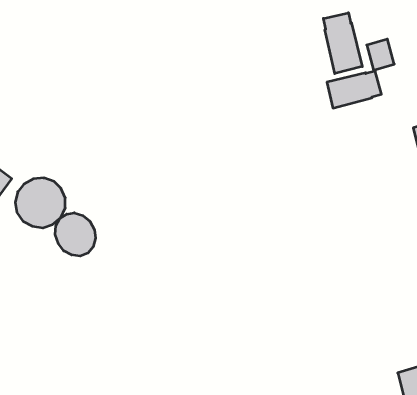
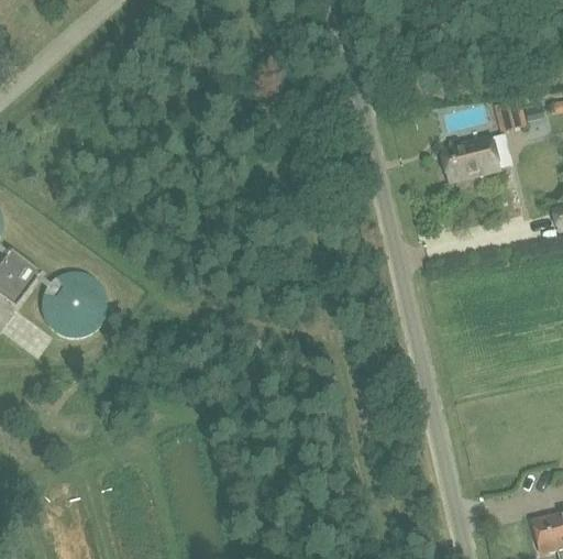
building: [323,13,362,74] -> none
building: [55,213,96,256] -> none

